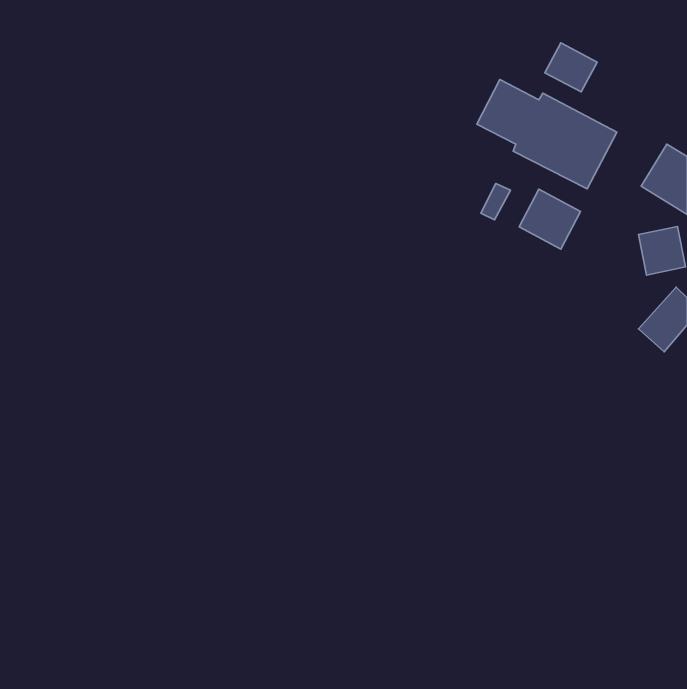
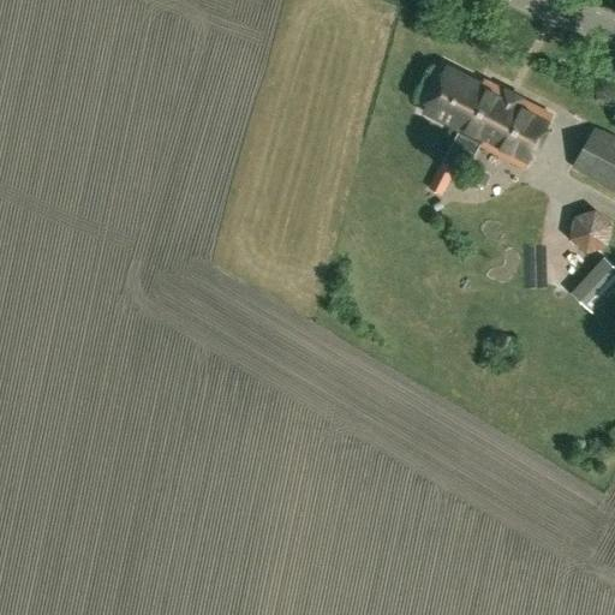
building: [545,43,597,92] -> none
building: [519,189,581,249] -> none

